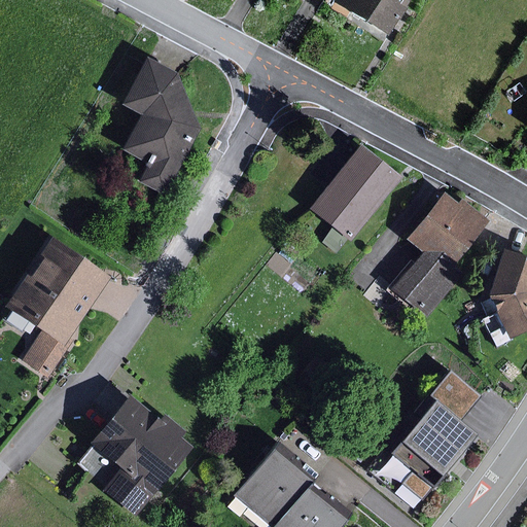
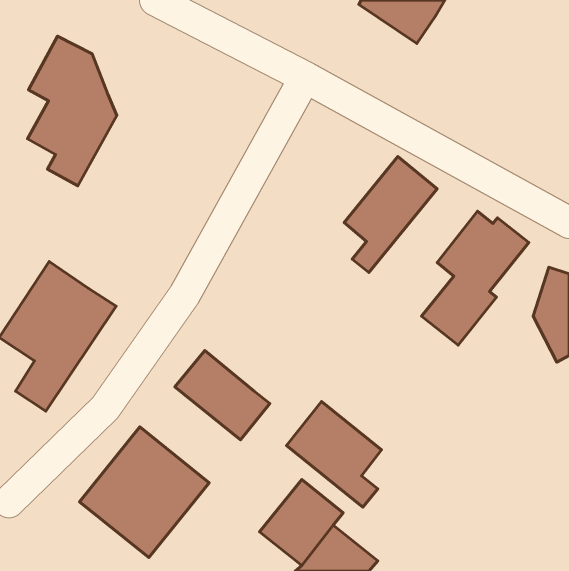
building: [115,60,198,198] -> [27,36,117,186]
building: none -> [175,350,270,440]
building: [388,367,485,499] -> none
building: none -> [286,401,382,507]

